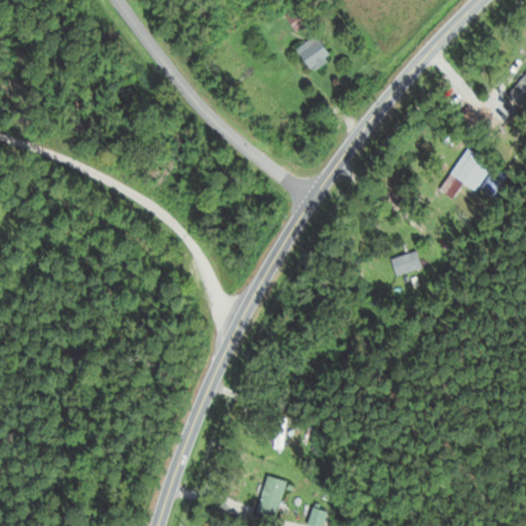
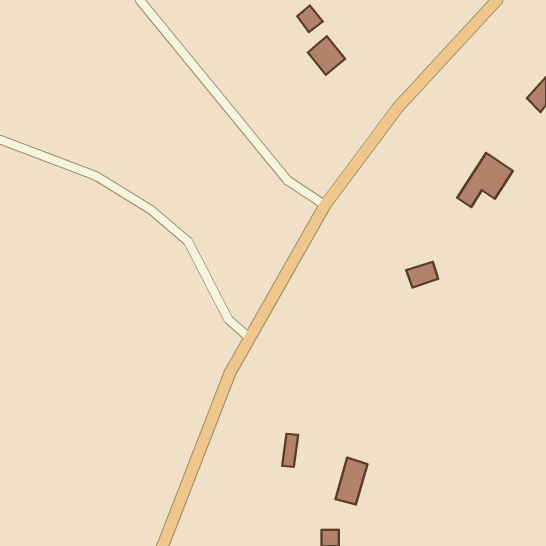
building: [256,476,287,521] -> [336,458,368,505]

